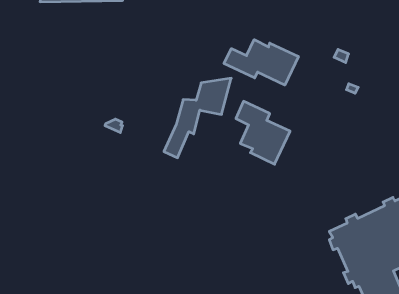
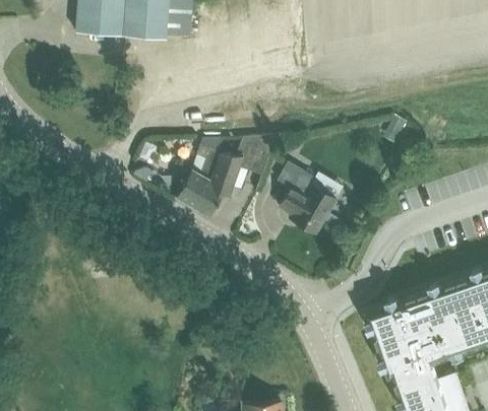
building: [224,40,298,85] -> none
building: none -> [177,137,223,208]

